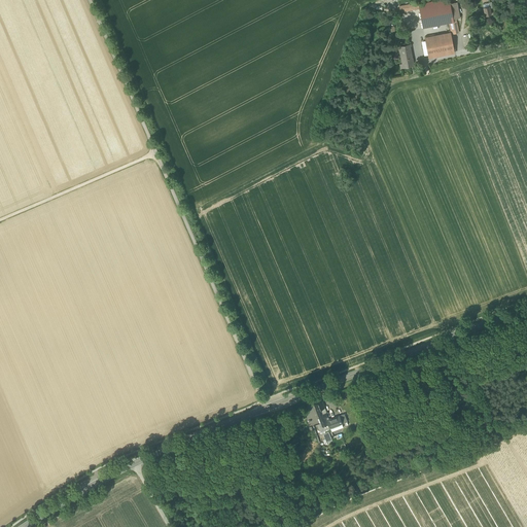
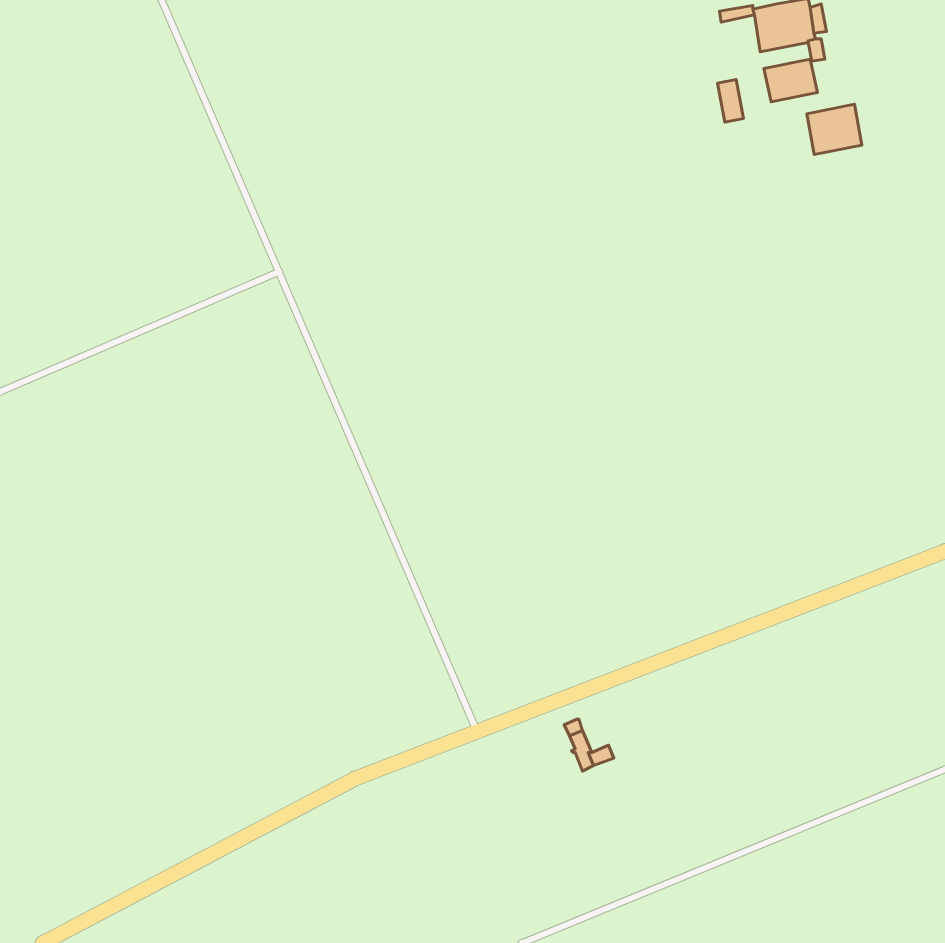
building: none -> [807,104,862,155]

